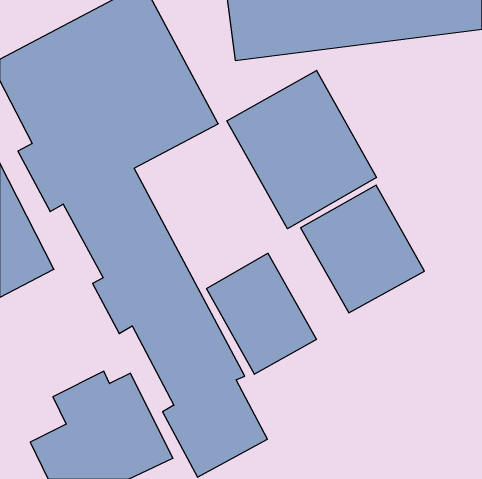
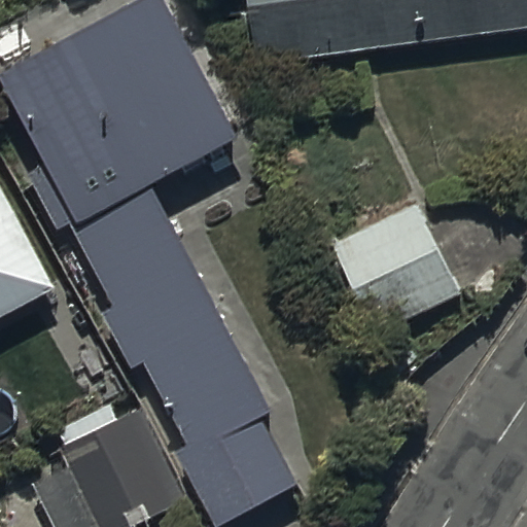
building: [227,70,376,229] -> none
building: [207,253,316,374] -> none

